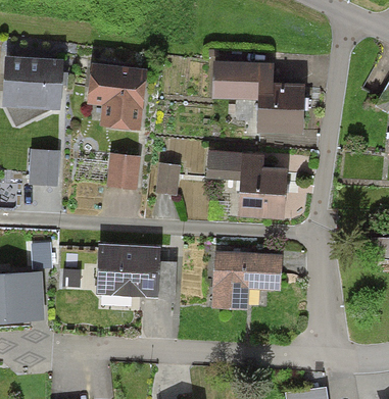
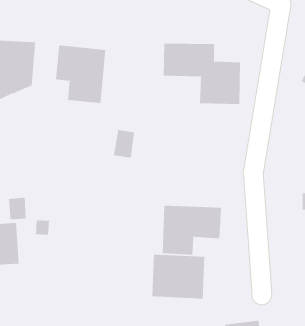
building: [30,148,60,185] -> none
building: [206,150,288,219] -> none
building: [107,152,141,189] -> none
building: [97,243,160,296] -> [151,254,205,299]

